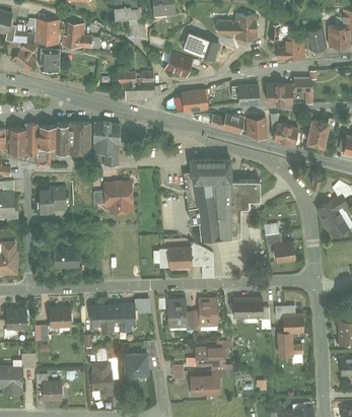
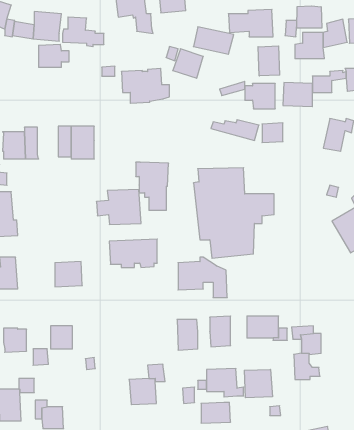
building: none -> [297,6,322,28]
building: [11,42,37,71] -> none
building: none -> [258,46,280,76]
building: [181,89,209,113] -> none
building: [273,121,298,146] -> none
building: [91,122,122,166] -> [136,162,169,210]
building: [39,124,58,148] -> none
building: [40,186,68,215] -> none
building: [267,235,297,266] -> none
building: [91,304,136,331] -> [109,239,157,267]
building: none -> [244,369,272,398]
building: [91,364,114,398] -> none

